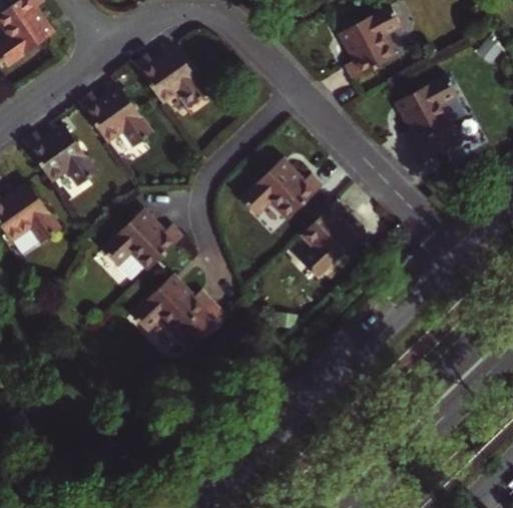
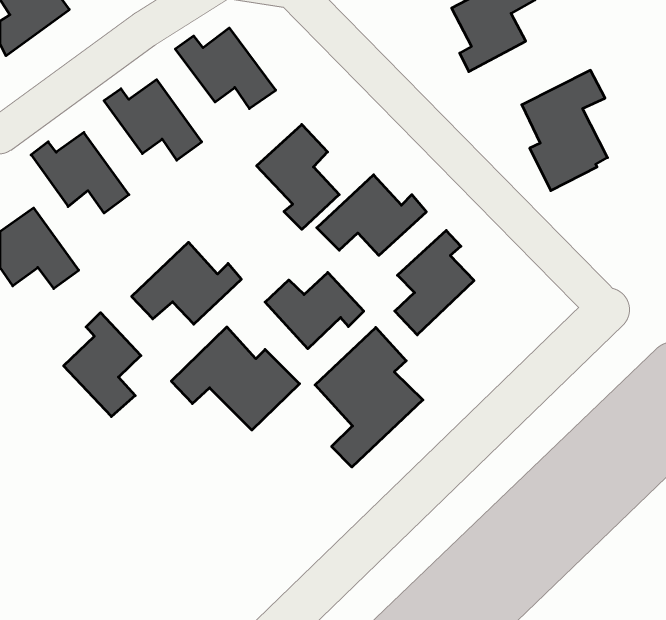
building: none -> [257,124,339,229]
building: none -> [265,272,364,349]
building: none -> [64,313,141,417]
building: none -> [315,327,423,467]

